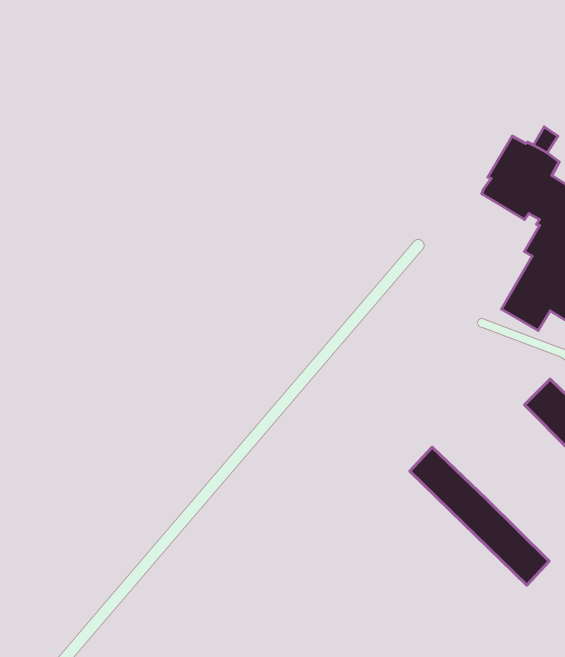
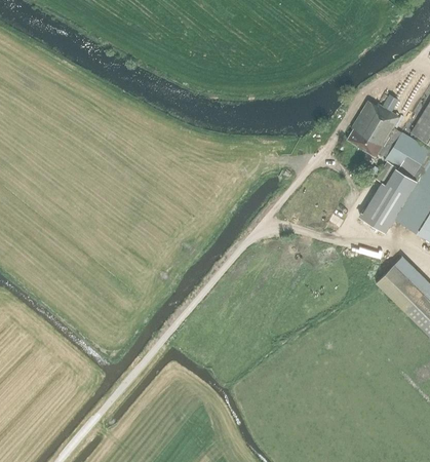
building: [410,447,549,585] -> none

